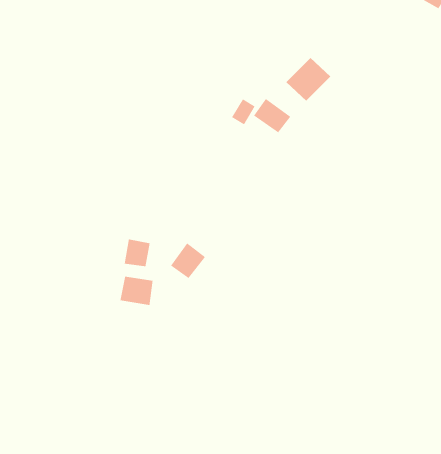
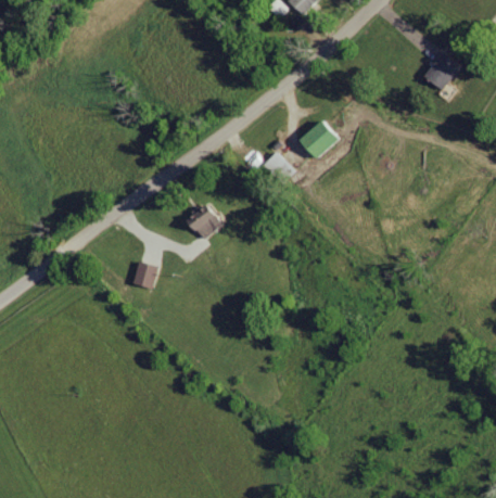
building: [170,243,206,279] -> [189,207,221,240]
building: [120,276,153,306] -> none

